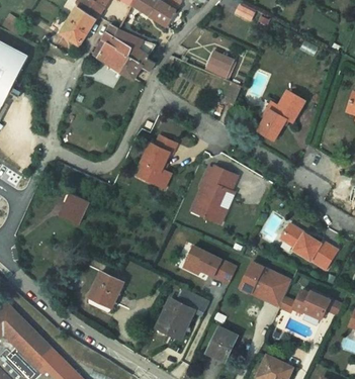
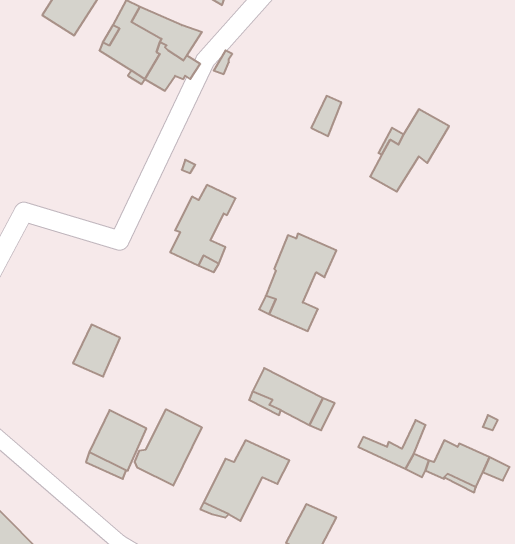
building: [205,52,233,79] -> none
building: [60,193,88,224] -> [73,325,120,377]
building: [280,223,331,265] -> none
building: [240,262,285,294] -> none
building: none -> [135,409,202,486]

